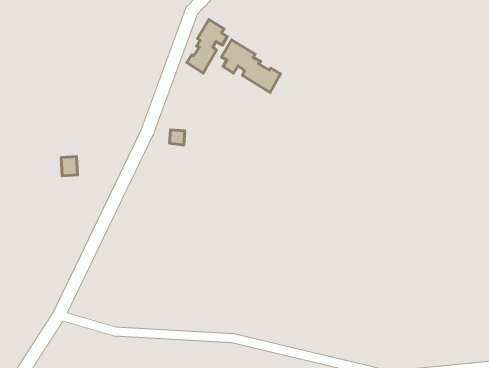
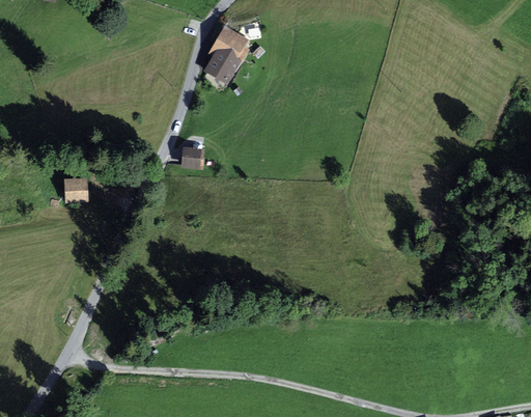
building: [221,40,281,93] -> none

